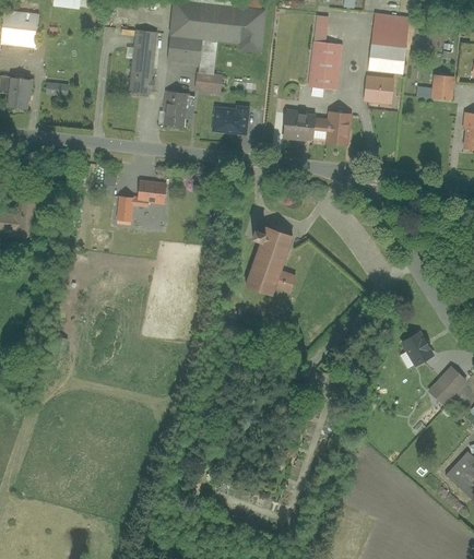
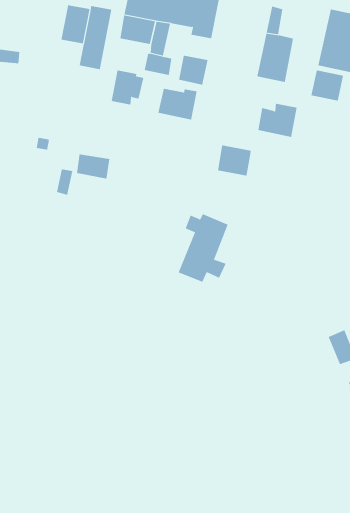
building: none -> [61,4,90,44]
building: none -> [178,55,208,85]
building: [283,110,316,140] -> [217,145,252,176]

